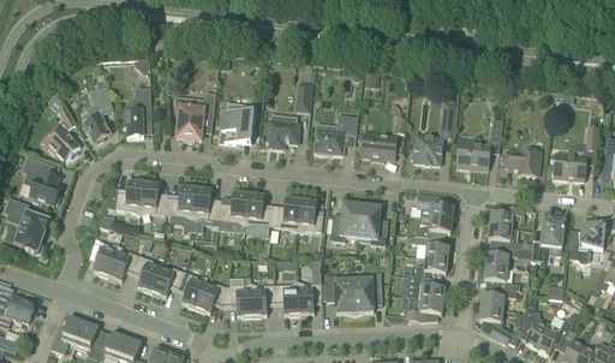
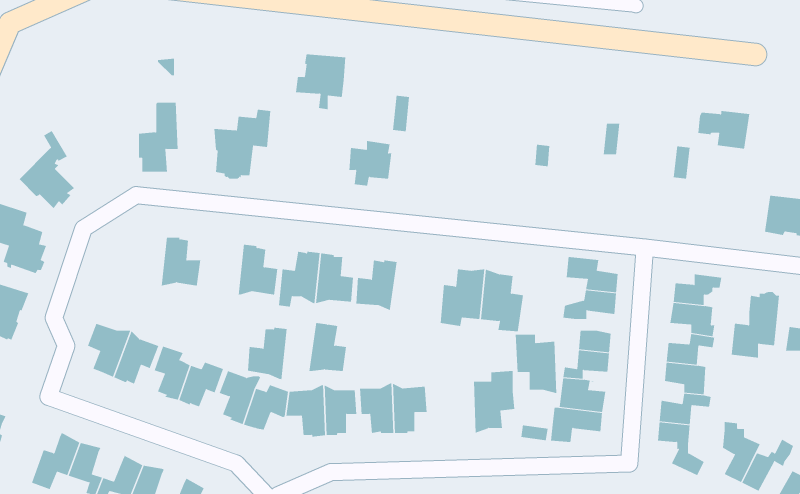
building: [82,87,113,142] -> none
building: [220,102,255,141] -> [295,54,346,110]
building: [314,114,358,154] -> none
building: [360,132,396,160] -> none
building: [410,135,442,165] -> none
building: [456,142,490,168] -> none
building: [504,149,541,175] -> [698,110,750,149]
building: [106,179,143,214] -> none
building: [168,184,196,220] -> [247,327,288,380]
building: [297,197,323,231] -> [308,322,347,372]
building: [326,274,354,315] -> [515,334,557,394]

